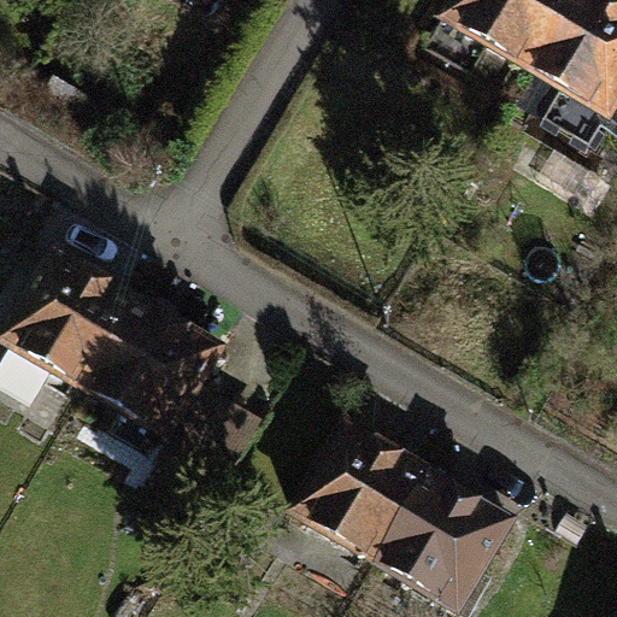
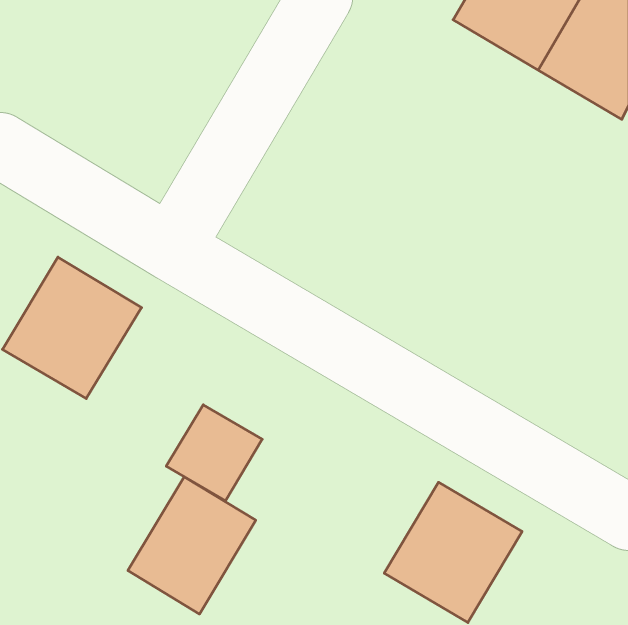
building: [86,301,222,439] -> none
building: [294,423,430,562] -> none
building: none -> [128,477,256,614]

